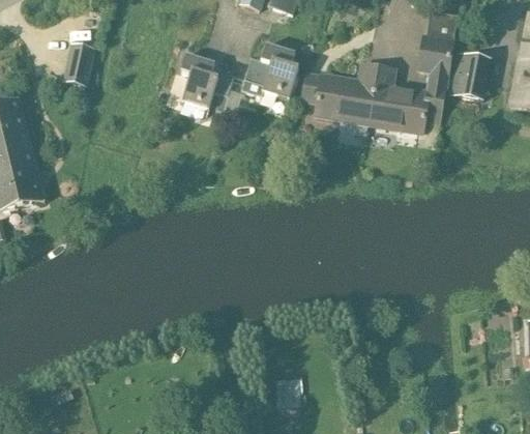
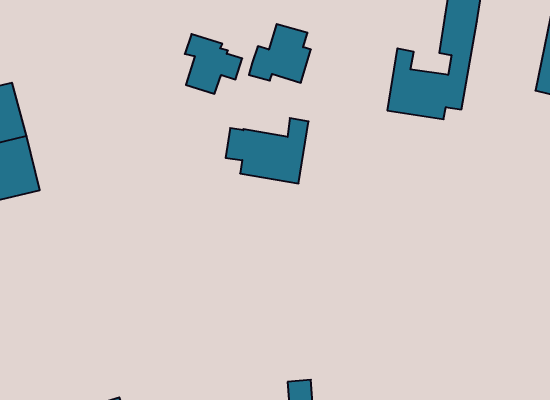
building: [63,42,96,86] -> none
building: [449,52,492,99] -> none
building: [301,63,379,124] -> [226,118,309,183]

